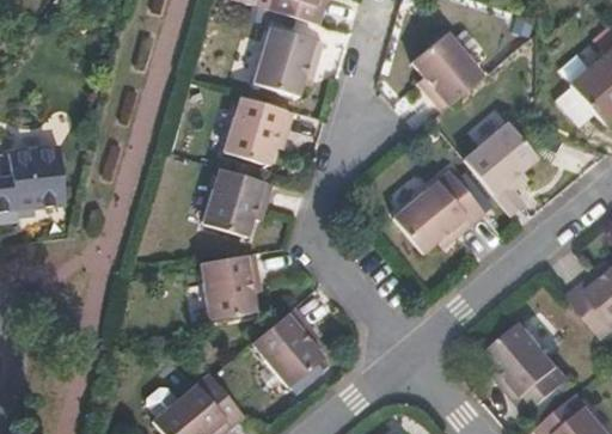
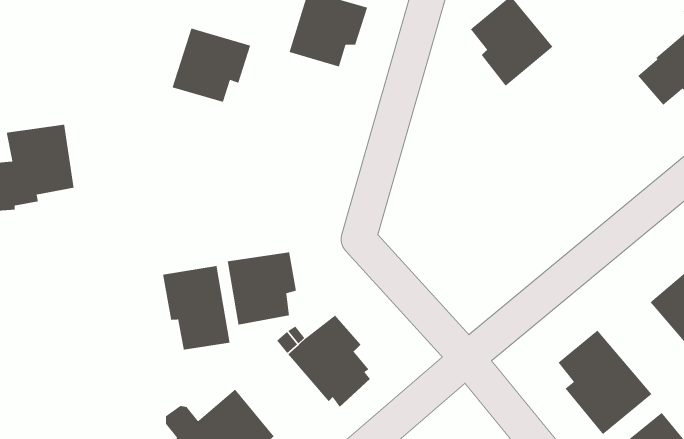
building: [224,97,293,163] -> [171,27,251,103]
building: [464,123,538,216] -> none
building: [203,170,271,236] -> none
building: [393,170,485,253] -> none
building: none -> [162,265,231,351]

